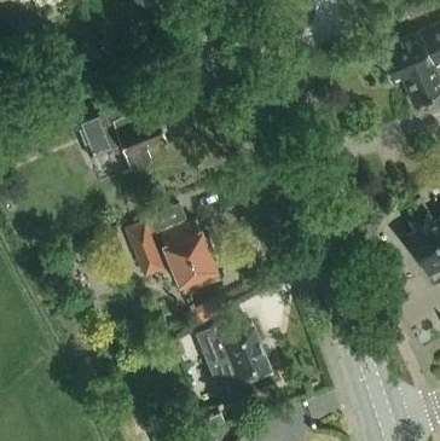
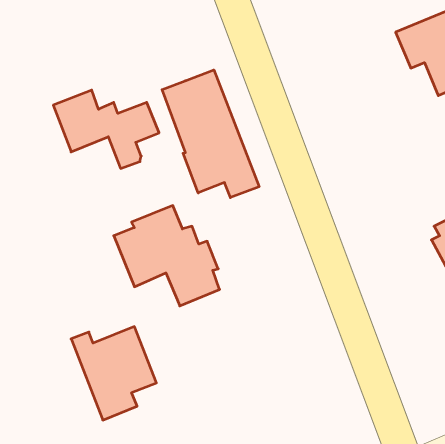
building: none -> [162,70,259,198]
building: [197,323,272,405] -> [71,327,156,420]

